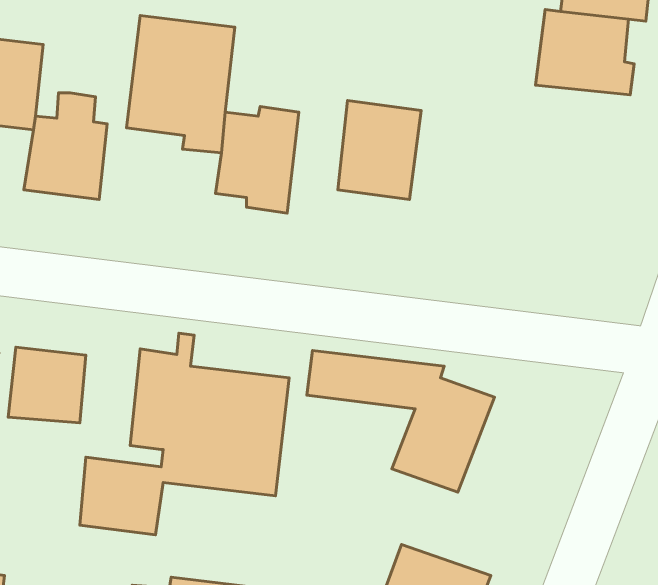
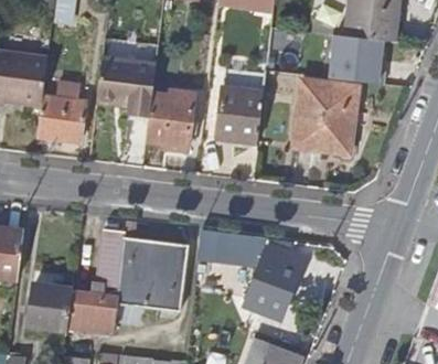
building: none -> [292,81,356,153]
building: [8,347,86,423] -> [29,286,73,329]

